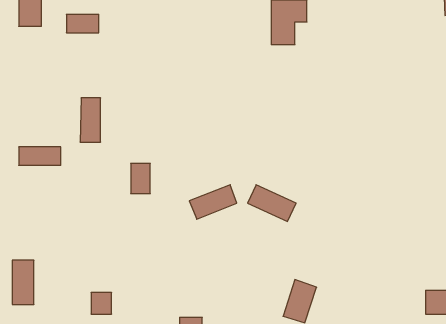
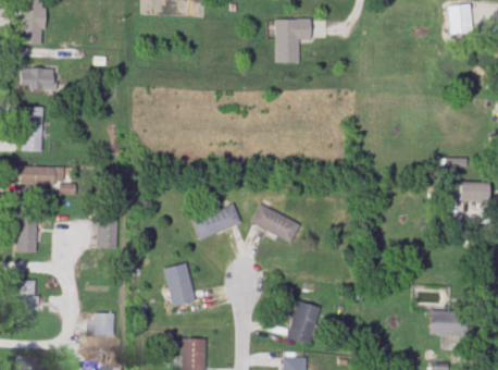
building: [66,14,99,33] -> [22,69,54,87]
building: [80,98,101,142] -> [22,107,42,151]
building: [131,163,150,194] -> [97,217,116,247]
building: none -> [17,208,37,252]
building: none -> [164,263,195,306]

